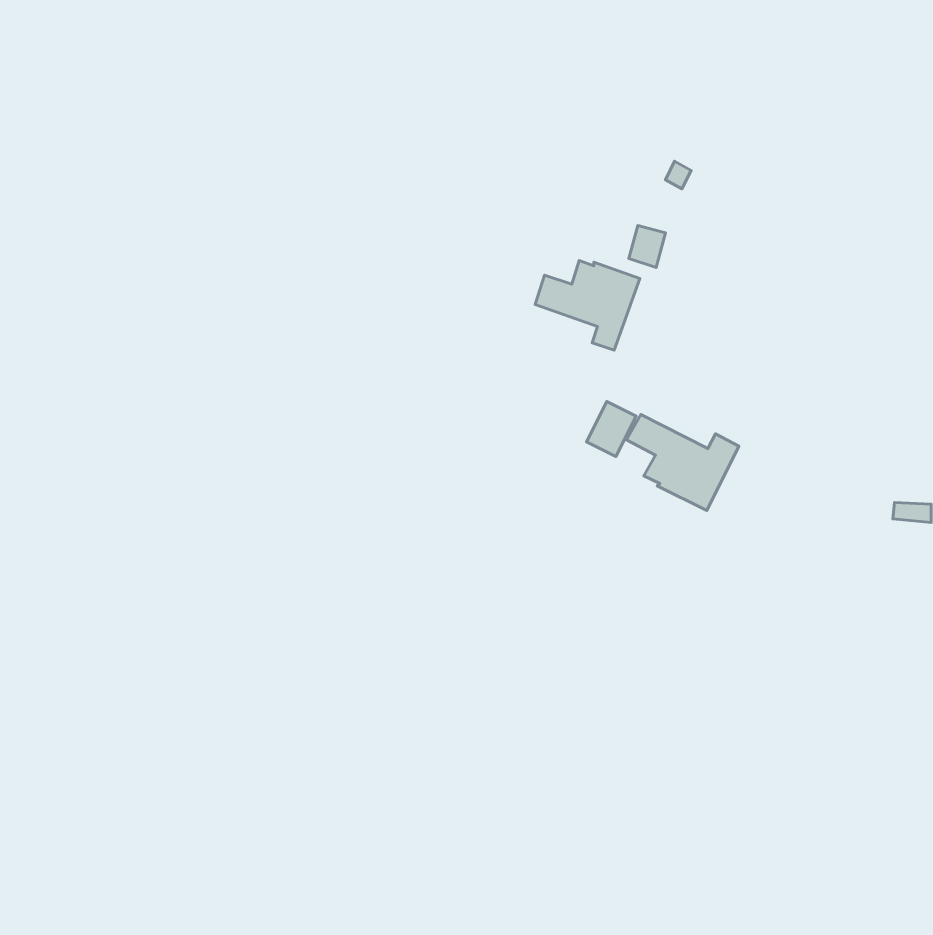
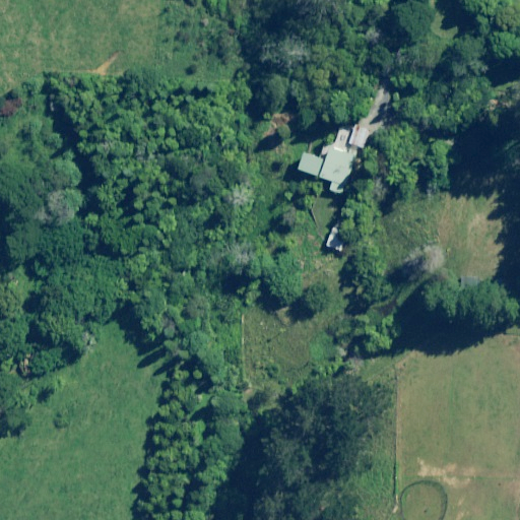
building: [626,415,739,511] -> none

